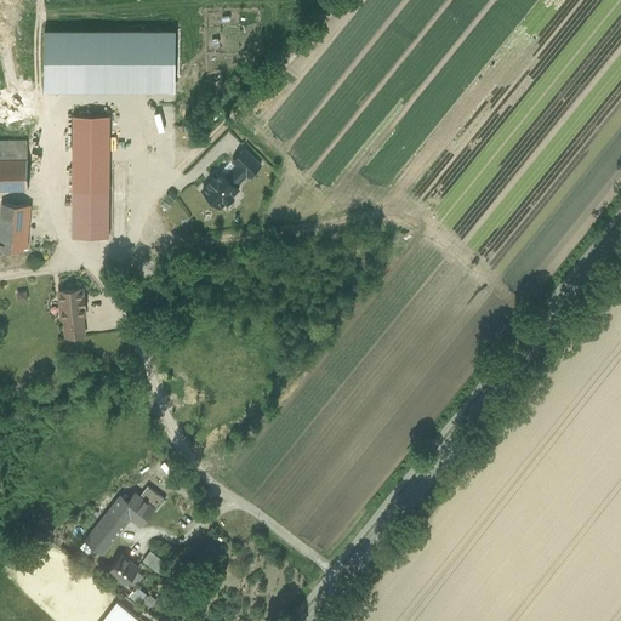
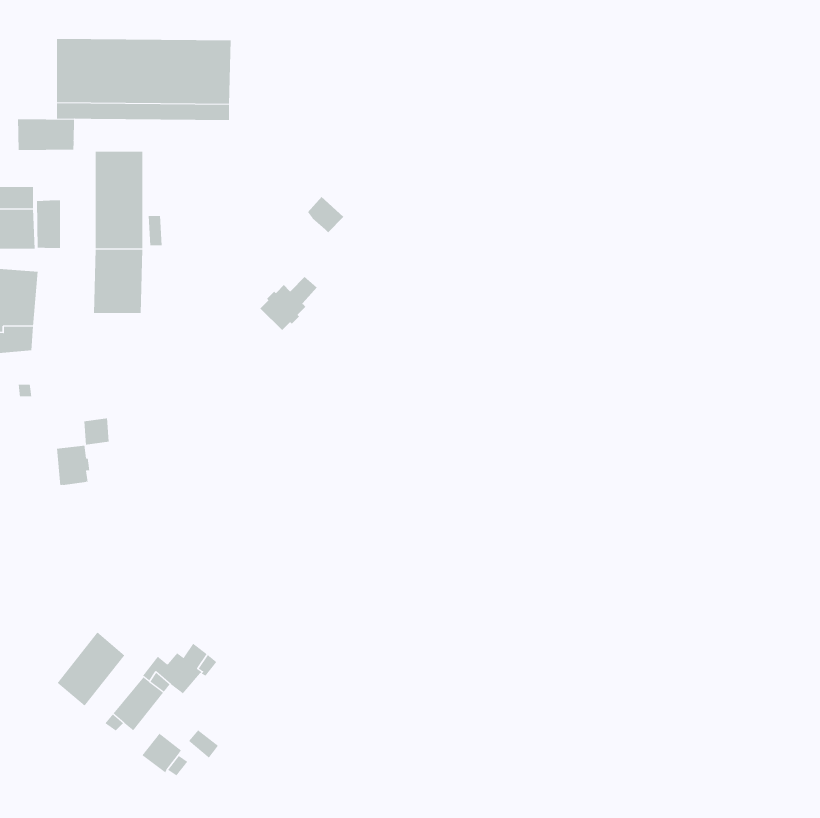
building: none -> [18,119,74,151]
building: none -> [36,199,61,249]
building: [201,167,245,209] -> [260,276,317,331]
building: [58,290,84,320] -> [56,445,90,485]
building: none -> [57,631,125,707]

